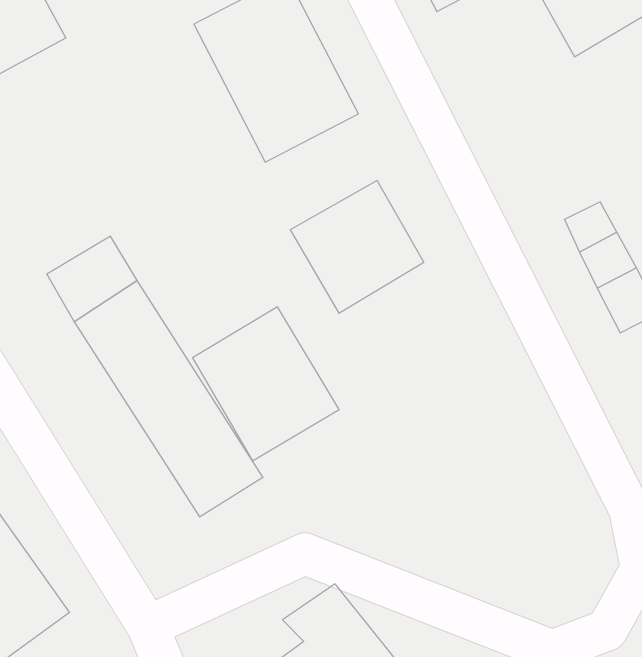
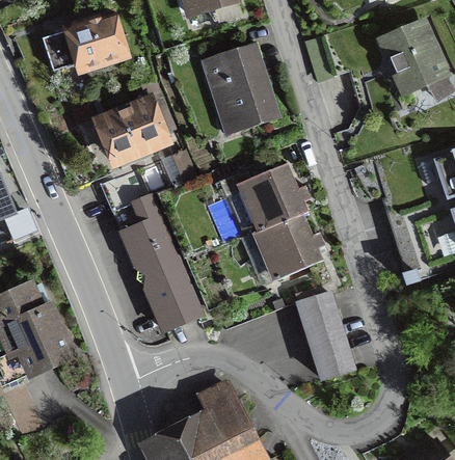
building: none -> [90,93,175,168]
building: [193,307,339,461] -> [253,209,327,289]
building: none -> [295,288,356,378]

